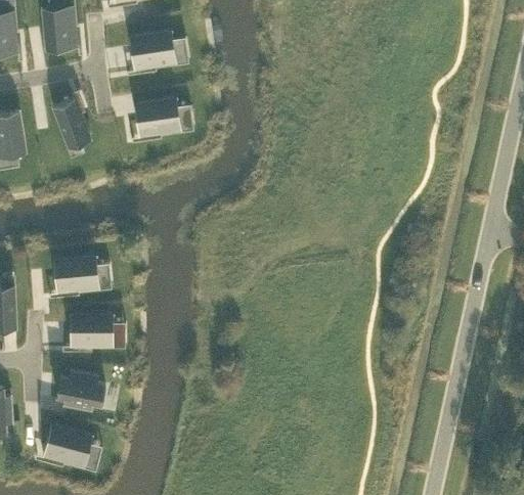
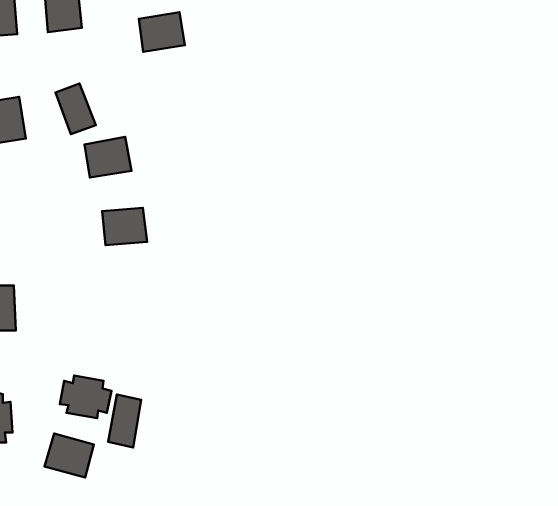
building: [135,99,179,137] -> [84,137,132,177]
building: [55,258,97,292] -> [102,208,147,245]
building: [71,315,111,347] -> none
building: none -> [108,394,141,447]

